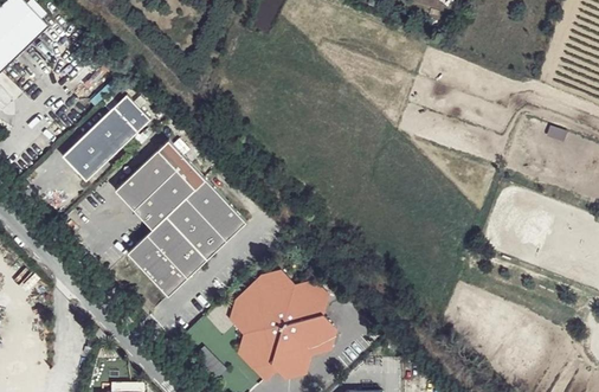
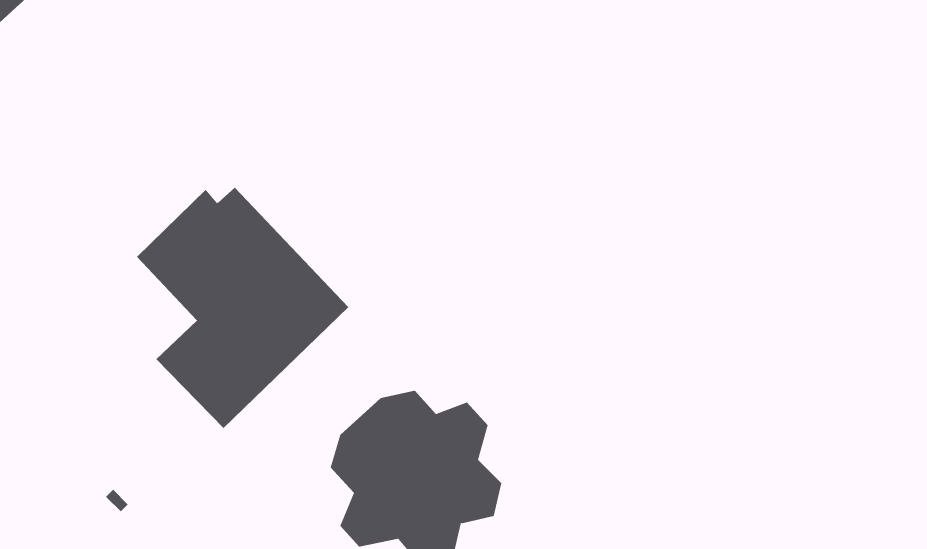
building: [59,95,148,181] -> none

